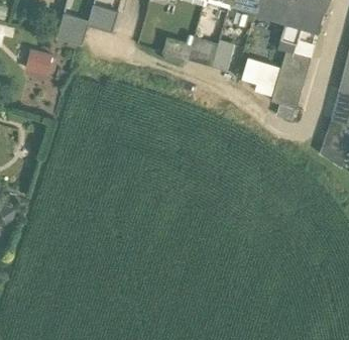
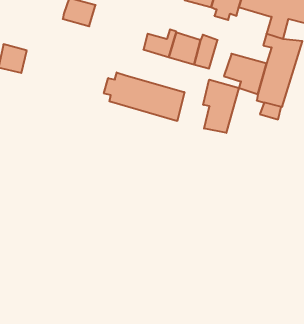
building: [57,13,89,43] -> none
building: none -> [104,72,184,121]
building: none -> [203,80,239,133]

